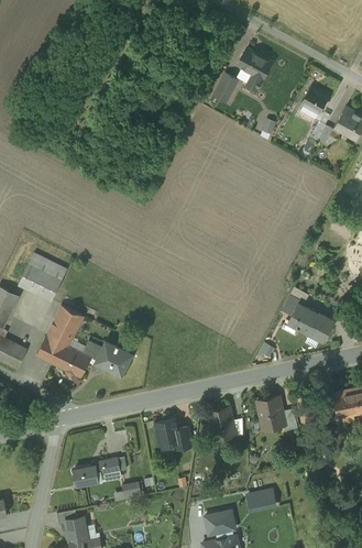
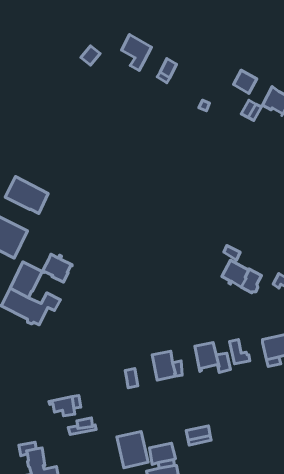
building: [238,47,272,88] -> [122,35,152,70]
building: none -> [5,177,48,214]
building: [97,342,131,374] -> [42,254,72,282]
building: [155,418,180,445] -> none
building: [74,465,108,486] -> none
building: none -> [117,431,148,468]

